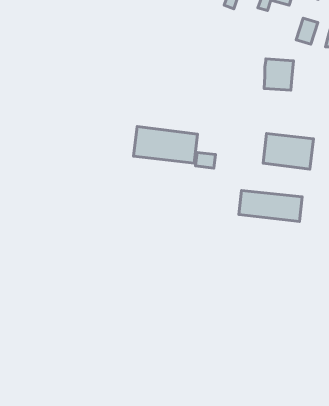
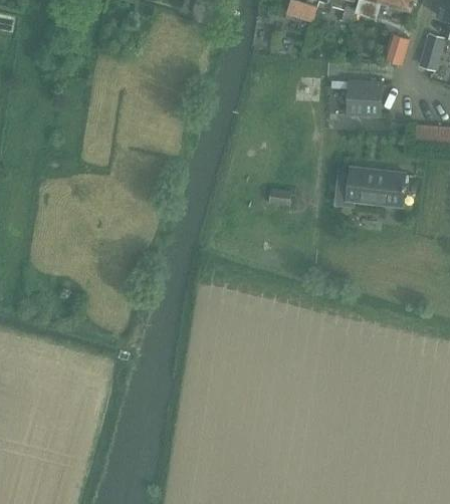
building: [133,127,198,163] -> none
building: [239,191,302,222] -> none

